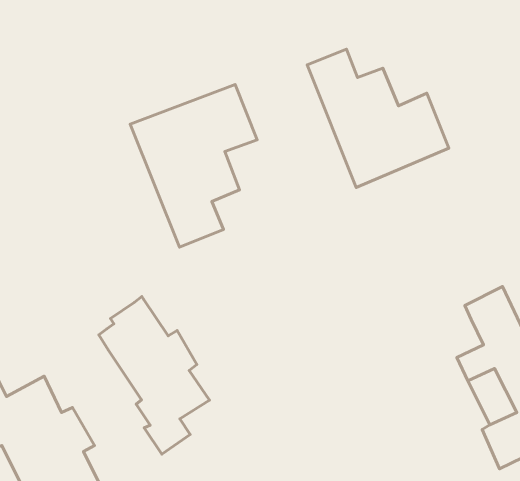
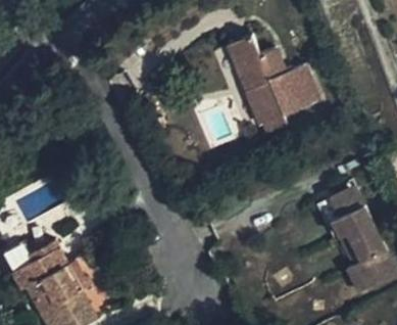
building: [130,85,257,247] -> none
building: [99,296,210,454] -> none

